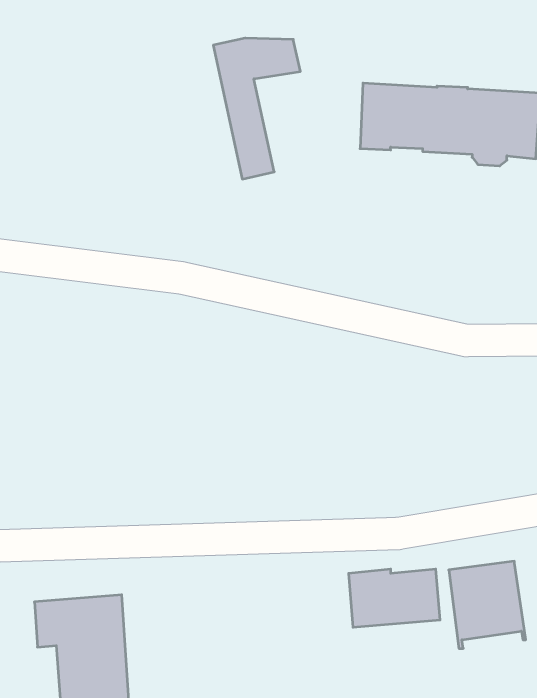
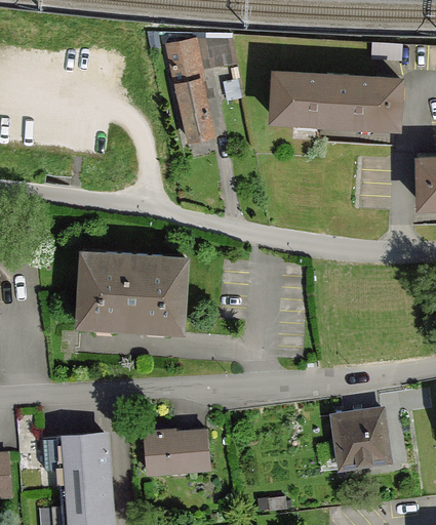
building: none -> [80,253,185,326]
building: [349,569,440,627] -> [146,432,210,473]

